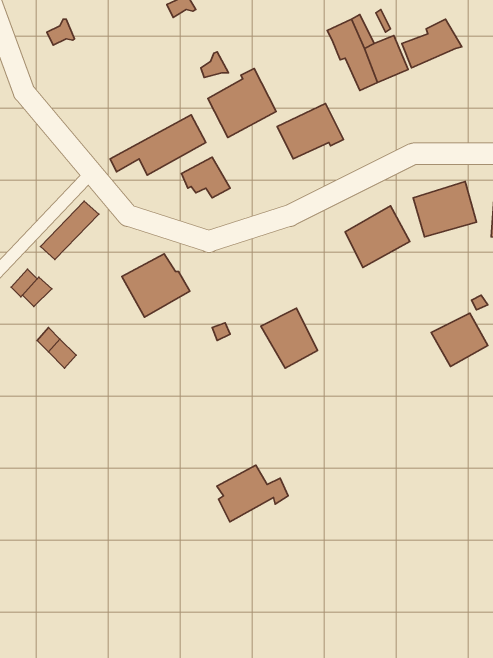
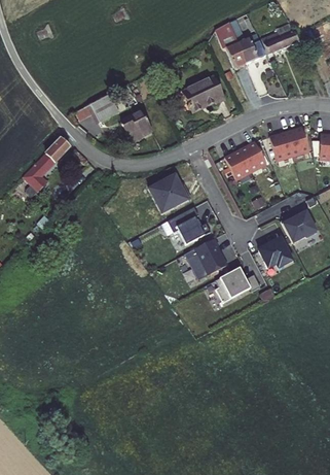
building: [208,68,276,138] -> none
building: [122,254,190,317] -> [148,173,191,213]
building: none -> [258,237,293,268]
building: none -> [184,238,227,279]
building: [217,465,288,522] -> [215,267,260,303]

